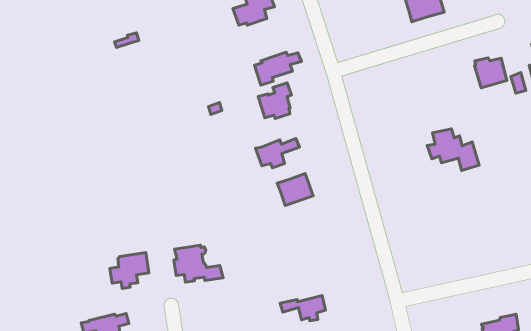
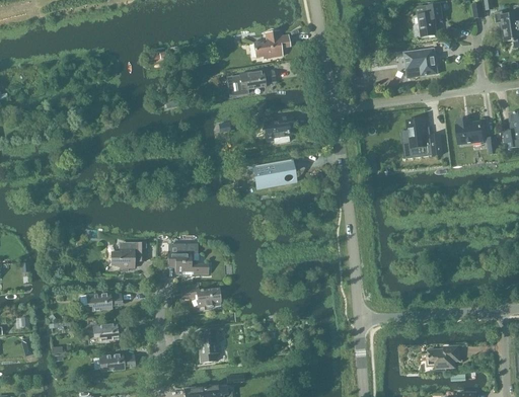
building: [254,52,302,85] -> [234,69,276,94]
building: [427,129,479,170] -> [401,118,444,156]
building: [277,174,313,205] -> none
building: [280,296,326,321] -> [182,288,221,308]

